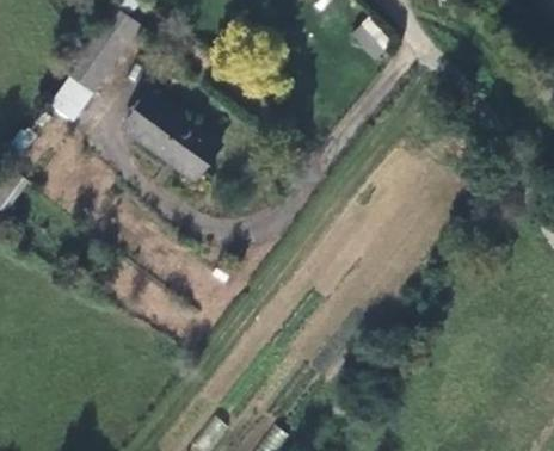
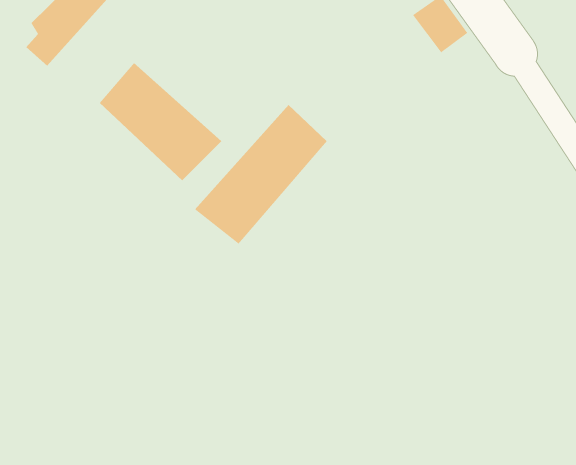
building: none -> [194,104,328,245]

